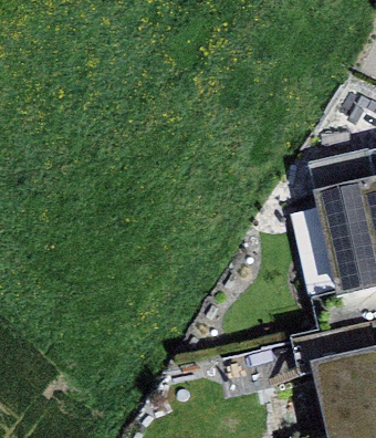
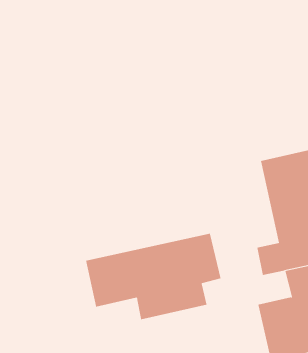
building: none -> [86,233,221,320]

